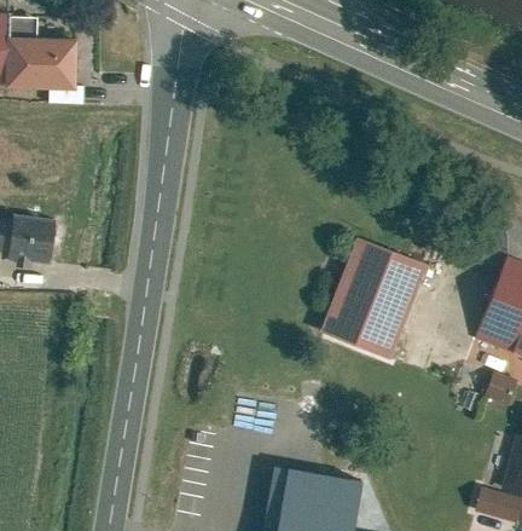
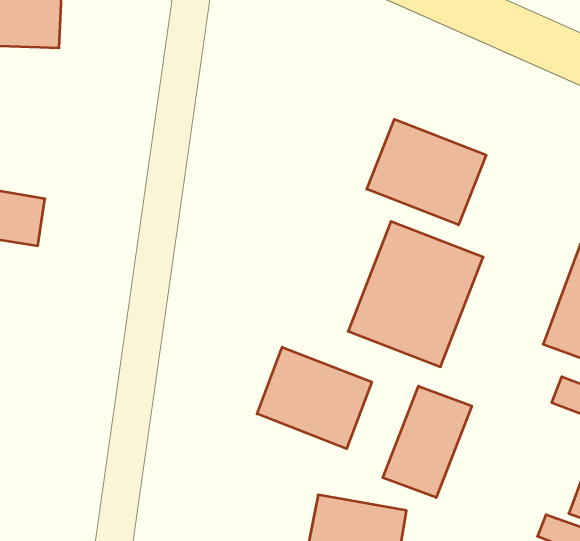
building: none -> [367,119,486,225]
building: none -> [257,347,372,449]
building: none -> [383,386,472,498]

